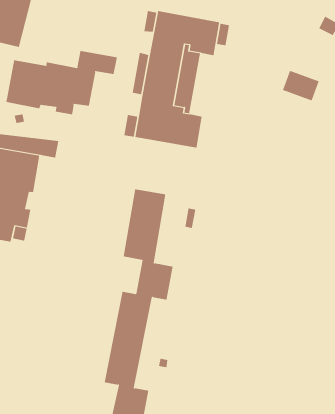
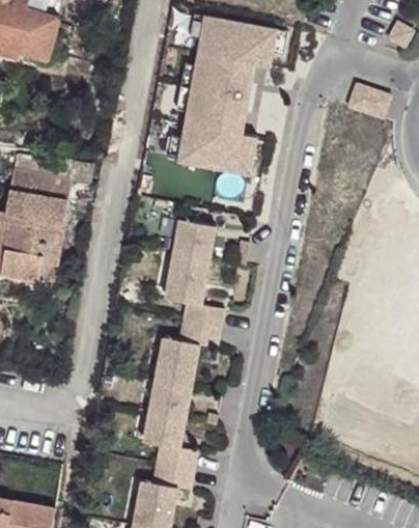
building: [6,50,117,115] -> none

